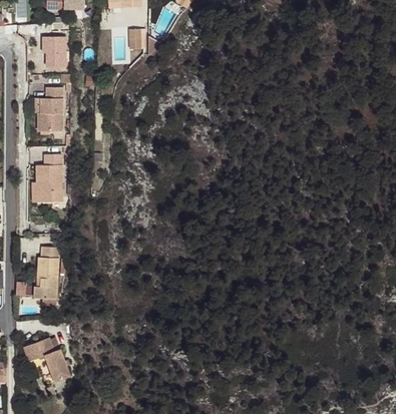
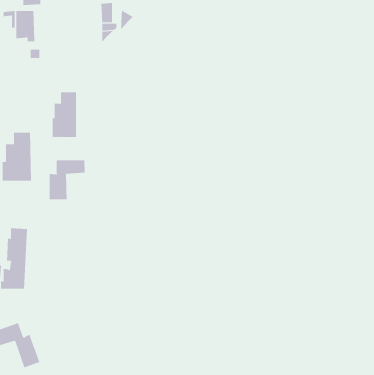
building: [38,87,62,131] -> [52,92,77,137]
building: none -> [49,159,85,200]

